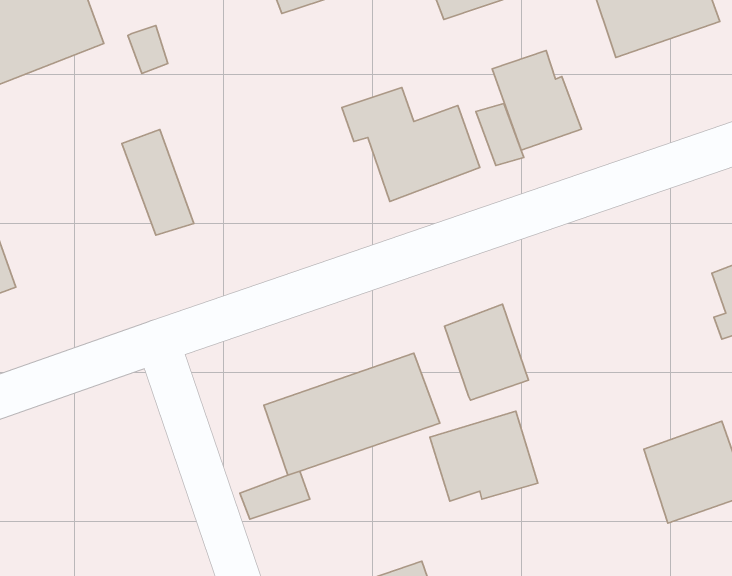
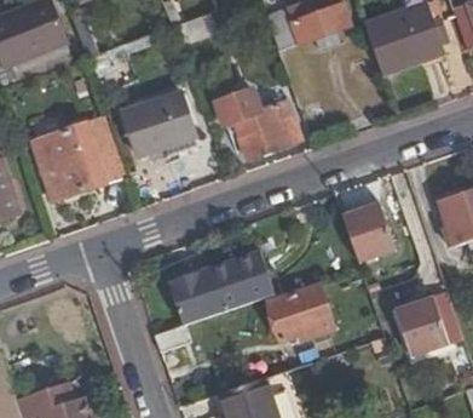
building: [492,50,581,150] -> none
building: none -> [120,88,194,156]
building: none -> [31,124,103,199]
building: [444,304,528,400] -> [344,204,394,262]

